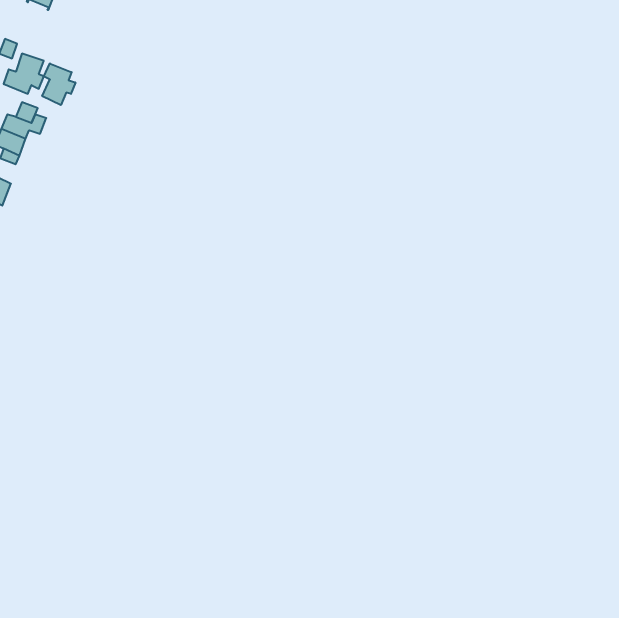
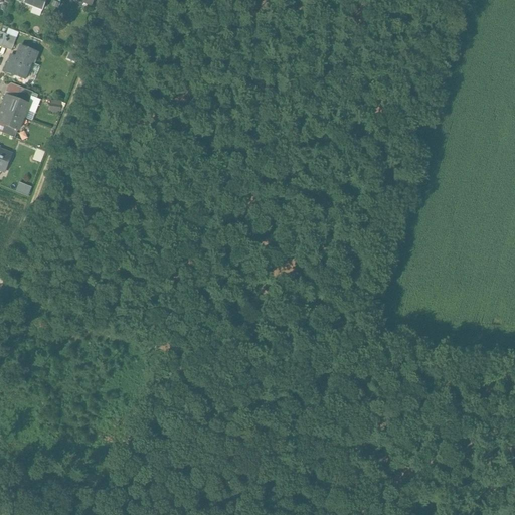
building: [42,63,75,105] -> none

